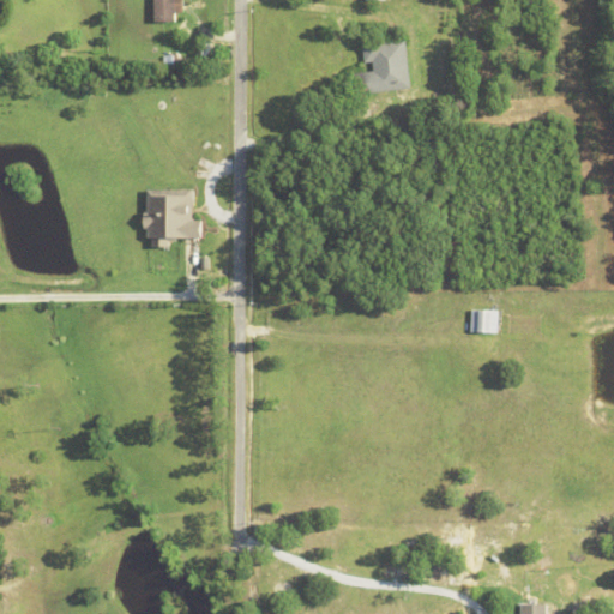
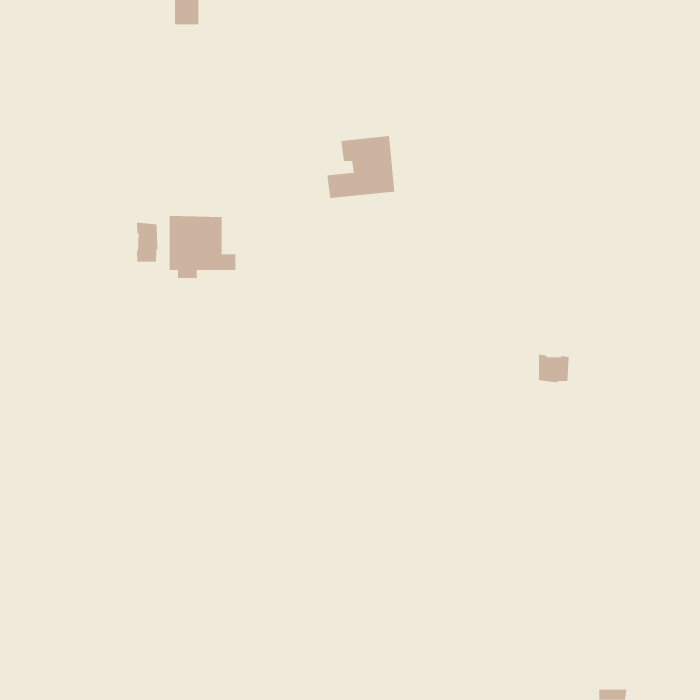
building: [349,40,409,95] -> [327,135,395,199]
building: none -> [136,222,158,263]

